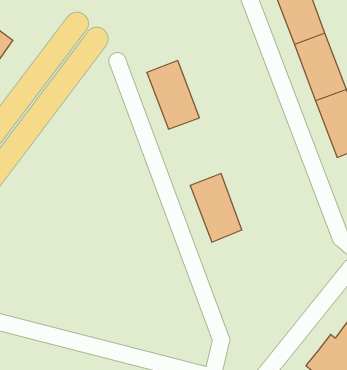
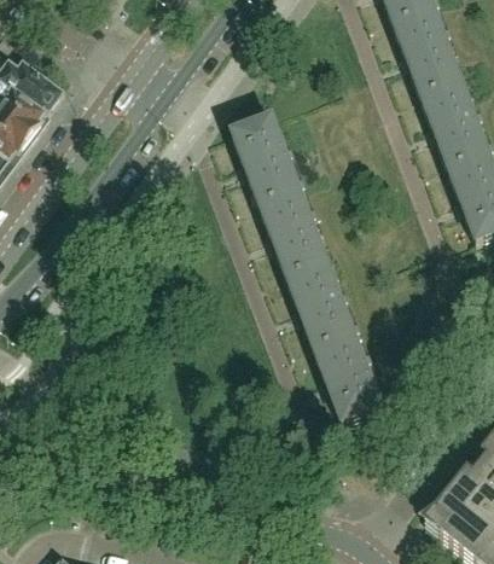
building: none -> [258,190,326,277]
building: none -> [314,333,380,421]

